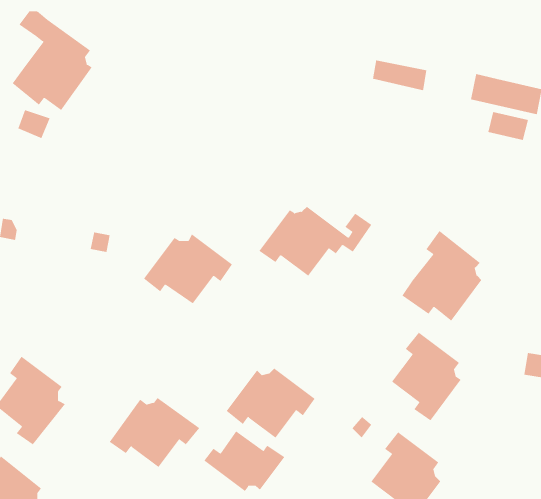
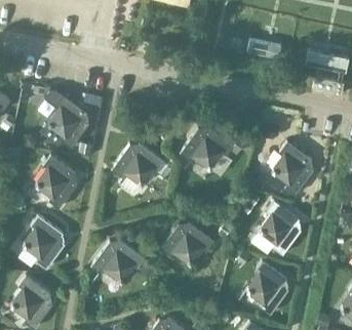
building: [12,11,93,111] -> [41,90,89,150]
building: none -> [35,156,77,209]
building: [203,431,285,492] -> none

